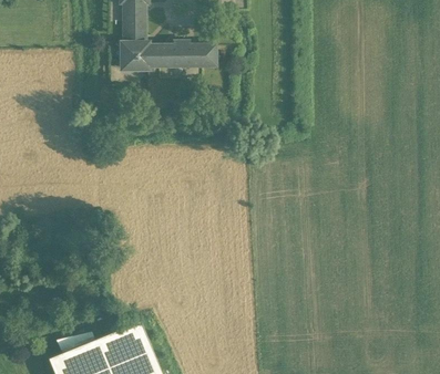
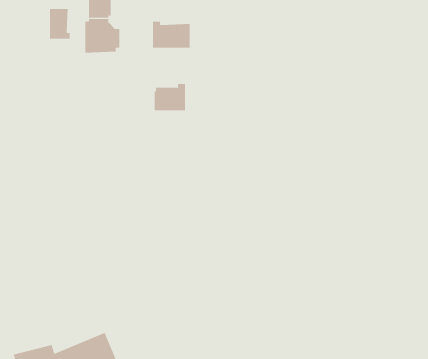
building: none -> [50,8,70,39]
building: [152,41,181,65] -> [154,84,186,111]

